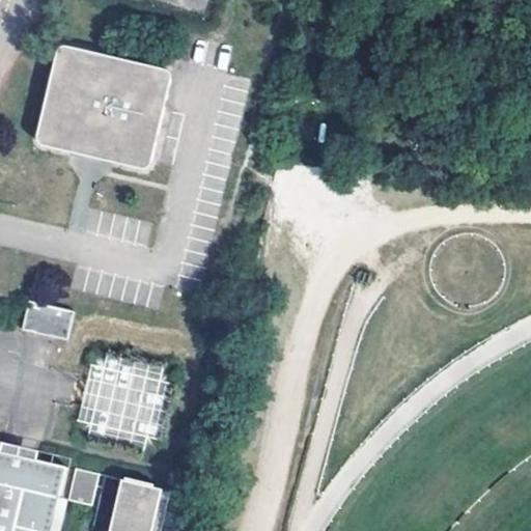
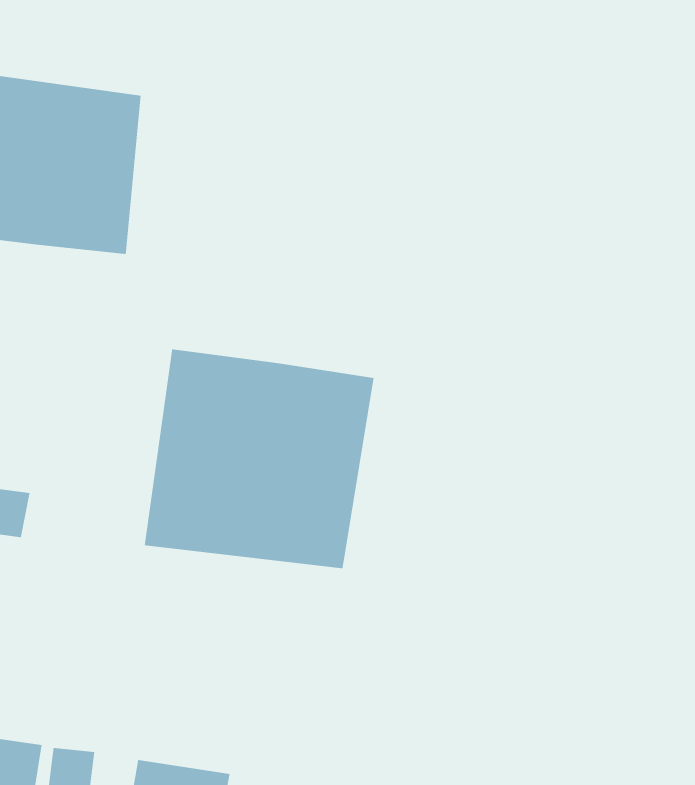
building: none -> [144,348,374,569]
building: [77,355,172,447] -> none

